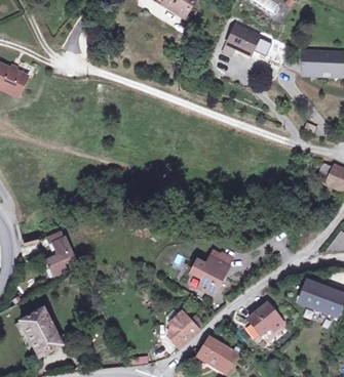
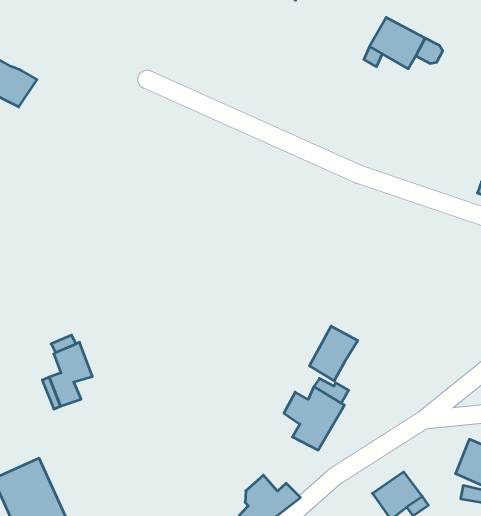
building: none -> [310,326,358,381]

